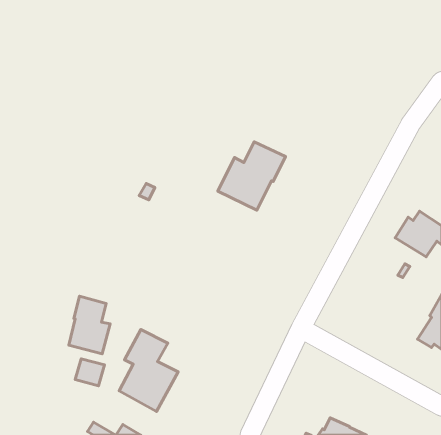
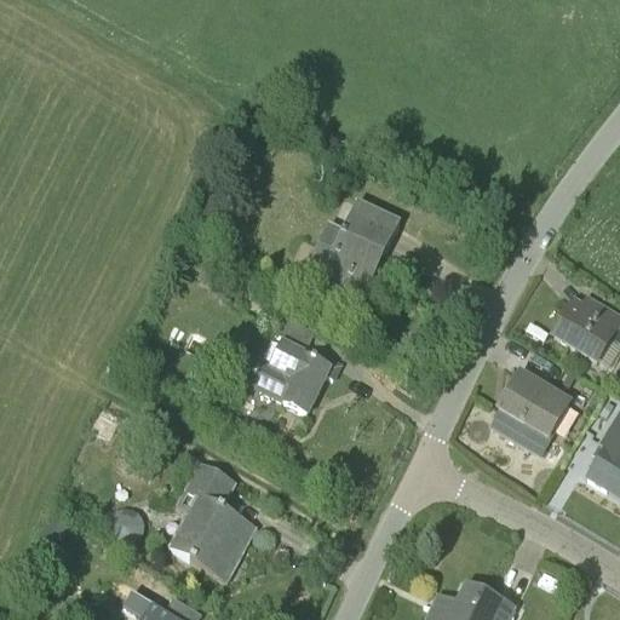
building: none -> [248,305,329,412]
building: none -> [493,372,570,452]
building: [69,296,110,354] -> none

